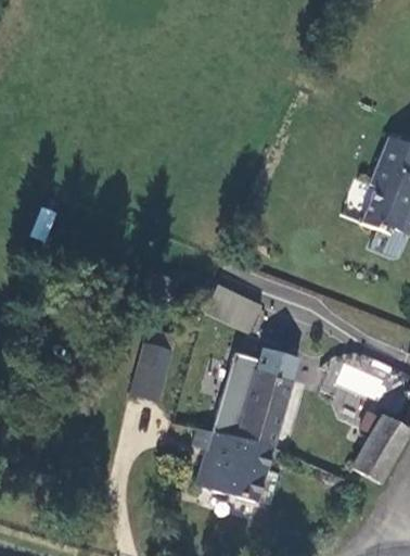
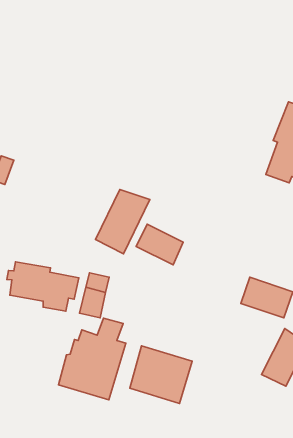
building: none -> [96,189,150,254]
building: none -> [7,262,79,311]
building: [210,351,292,450] -> [58,318,126,400]

